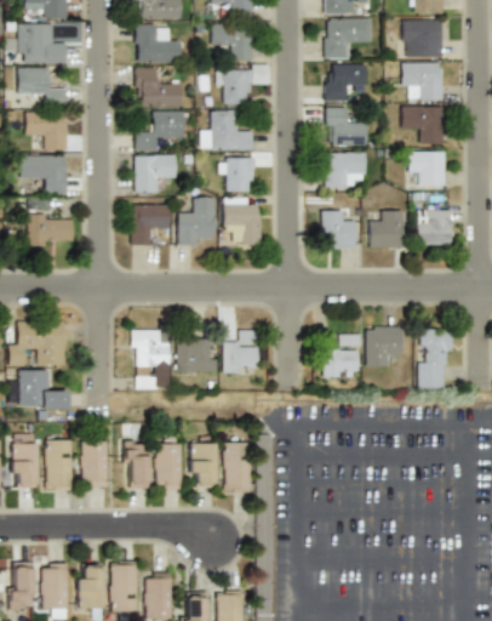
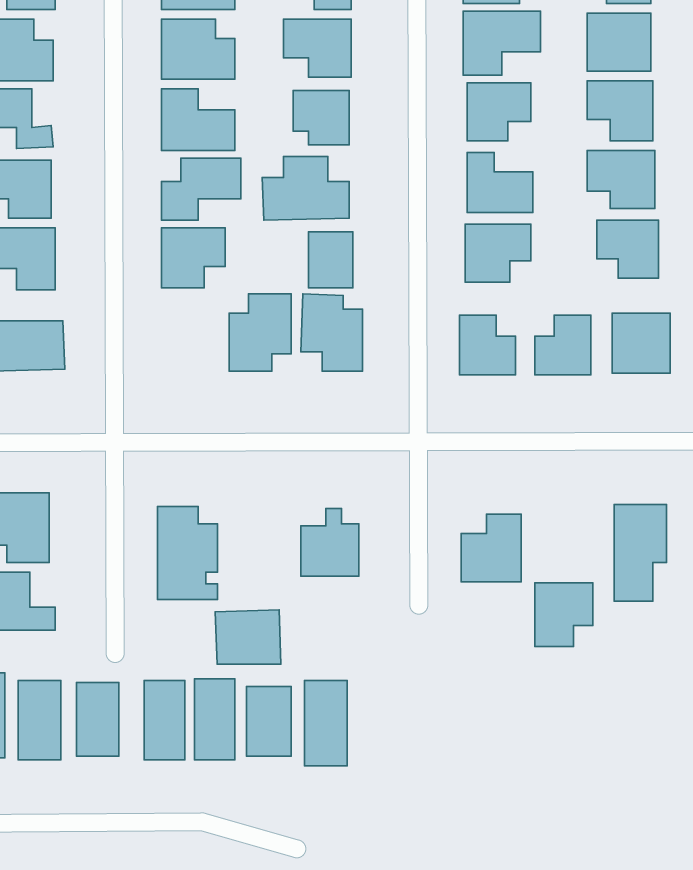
building: [132,205,171,245] -> none
building: [367,326,404,366] -> [535,583,593,647]
building: [177,338,218,372] -> [215,610,281,664]

